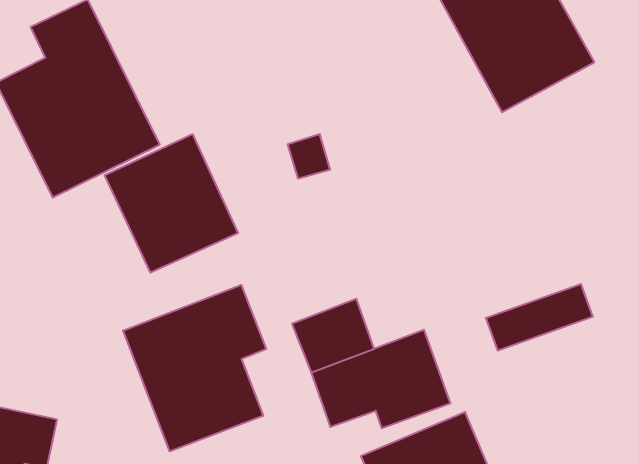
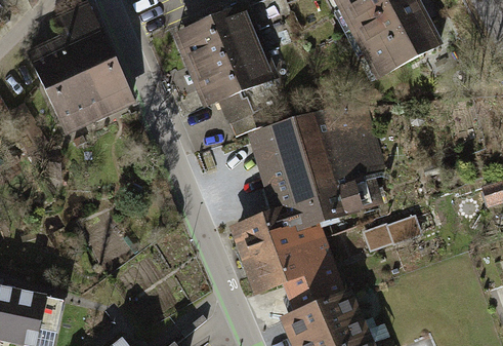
building: [105,134,238,273] -> [177,9,270,106]
building: none -> [260,118,384,234]
building: [123,285,266,451] -> none

